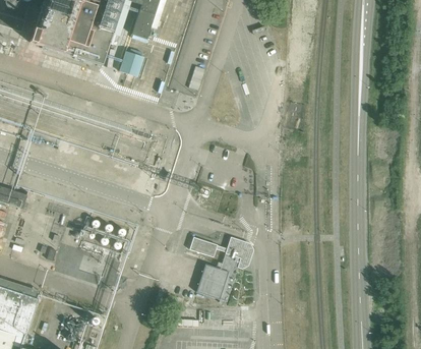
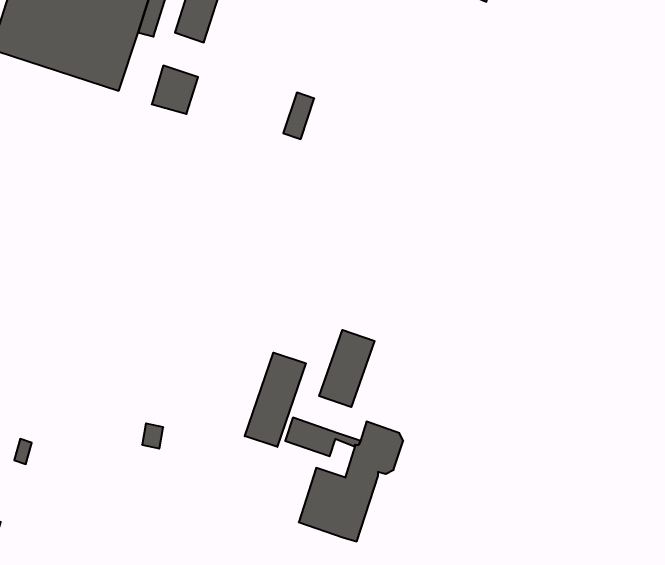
building: none -> [319,330,375,407]
building: none -> [245,353,306,447]

